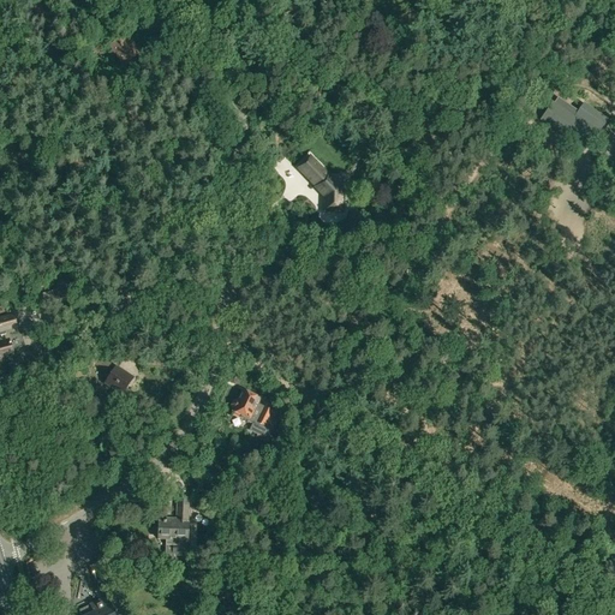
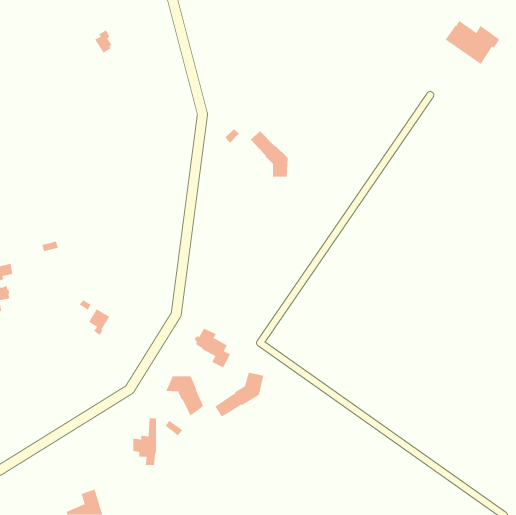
building: [539,95,605,148] -> [445,20,500,65]
building: none -> [214,372,264,418]
building: none -> [166,376,204,417]

